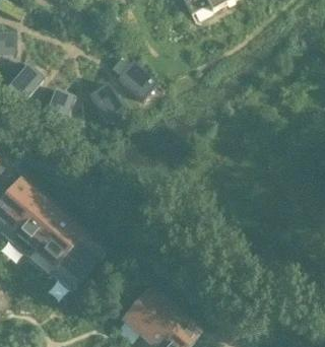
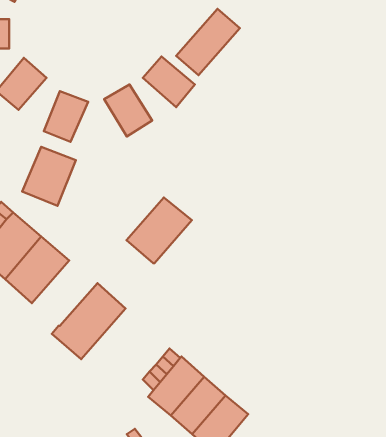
building: none -> [176,9,240,75]
building: none -> [22,147,76,206]
building: [30,212,80,262] -> [126,198,192,263]

